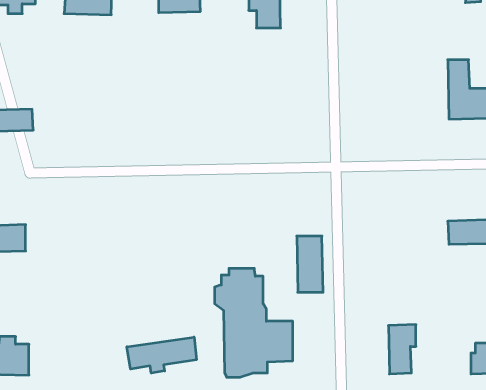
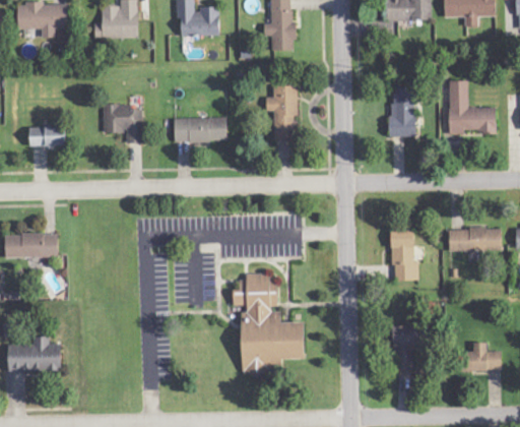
building: none -> [265,85,298,139]
building: none -> [390,87,414,137]
building: none -> [102,104,142,143]
building: none -> [174,118,226,142]
building: [297,236,323,292] -> [391,229,415,281]
building: [127,337,196,373] -> none

